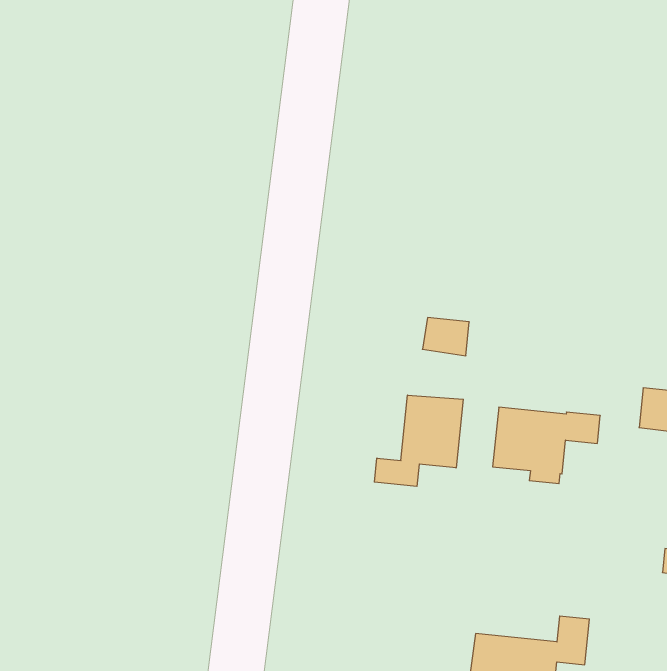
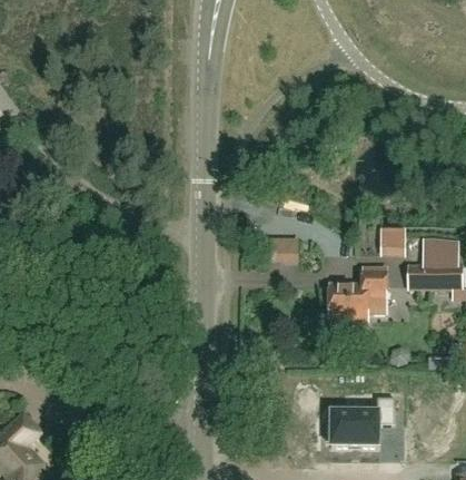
building: none -> [385,229,410,255]
building: [374,395,463,486] -> none

